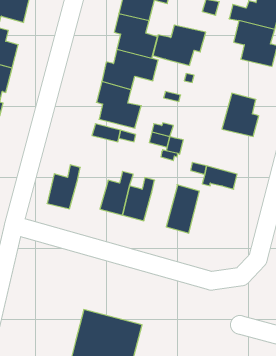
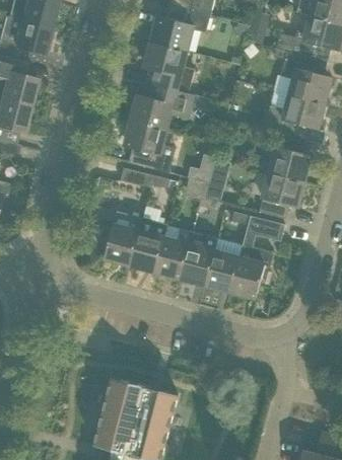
building: [153,25,206,65] -> [265,95,325,141]
building: none -> [259,174,303,219]
building: [47,165,80,209] -> [105,215,142,264]
building: none -> [180,236,217,285]
building: none -> [230,236,274,298]

